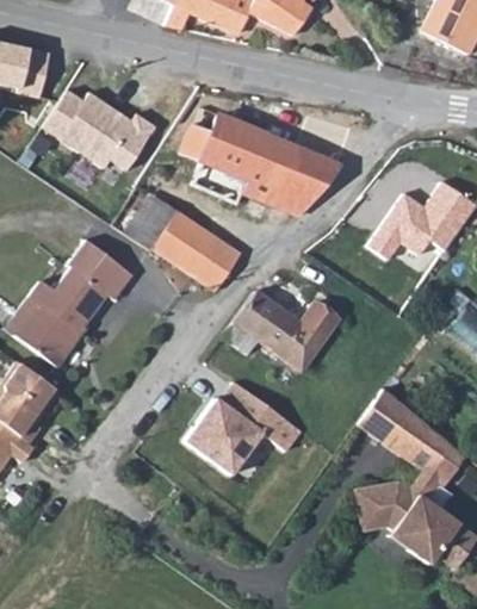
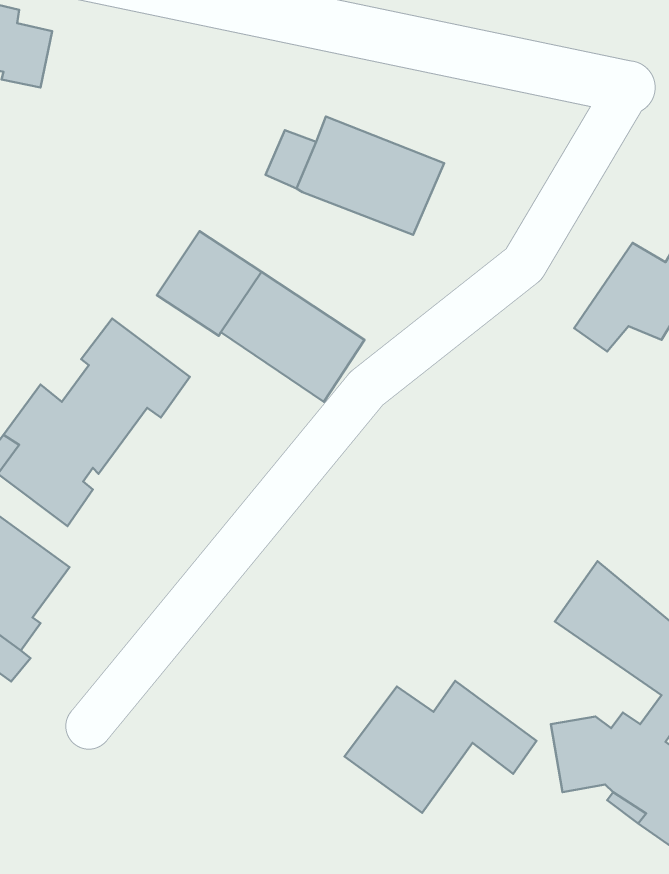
building: [43,91,157,172] -> none
building: [193,144,341,215] -> none
building: [224,291,339,371] -> none
building: [184,394,302,476] -> [344,681,537,813]

